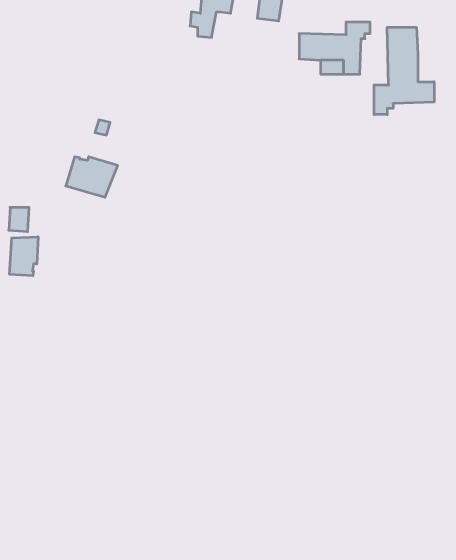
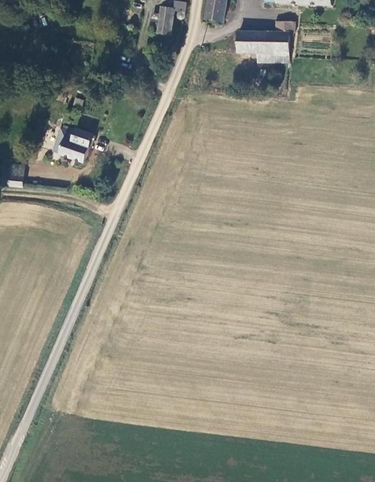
building: [374,27,434,115] -> none
building: [10,237,38,276] -> none

